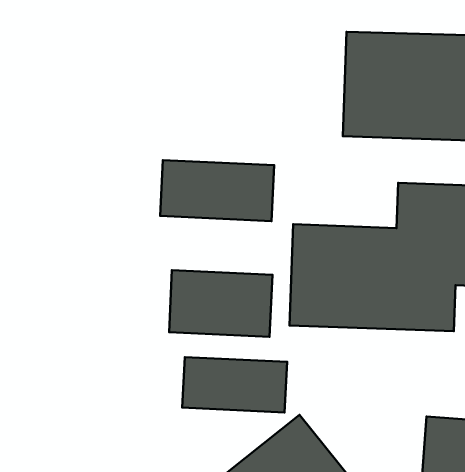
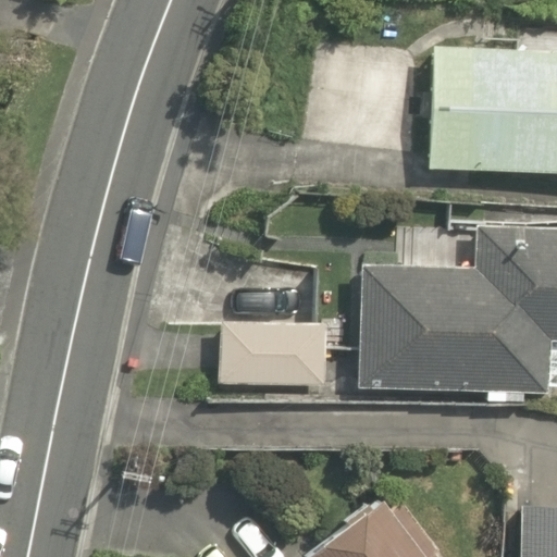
building: [160,160,274,221] -> none
building: [182,357,287,412] -> none

